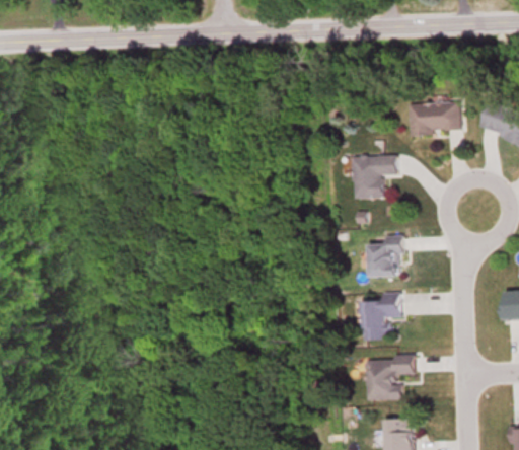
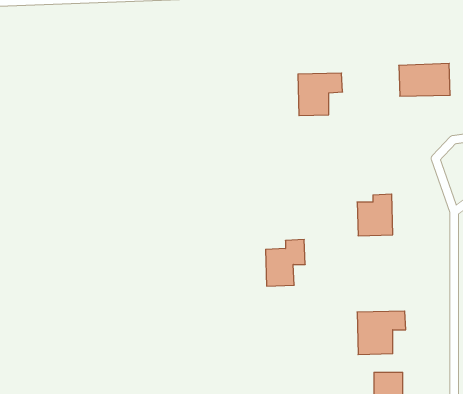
building: [353,155,398,199] -> [298,73,343,116]
building: [361,292,401,340] -> [266,240,305,286]

